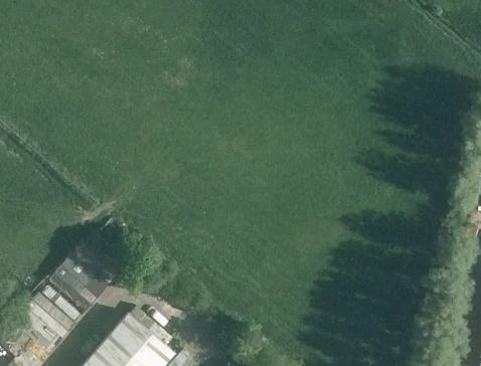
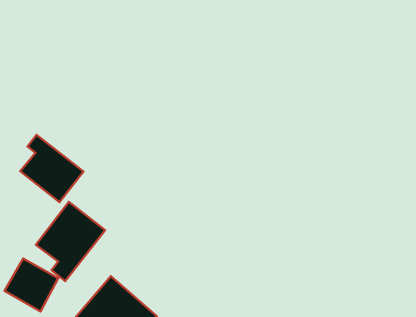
building: none -> [20,135,83,202]

